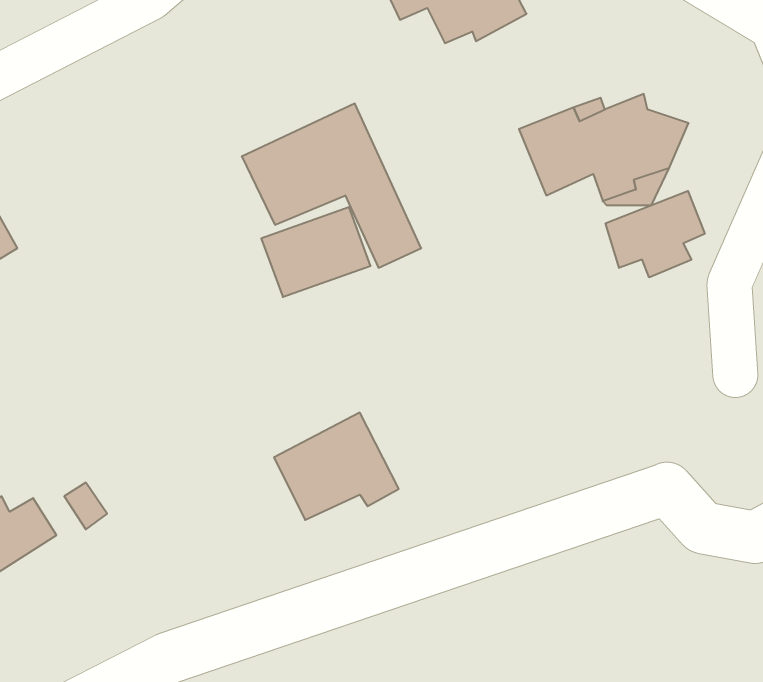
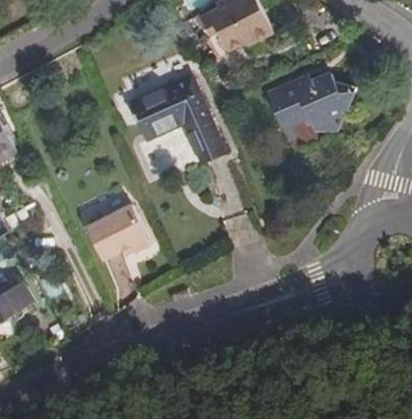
building: [606,191,705,277] -> none
building: [274,413,399,520] -> [84,204,149,260]

